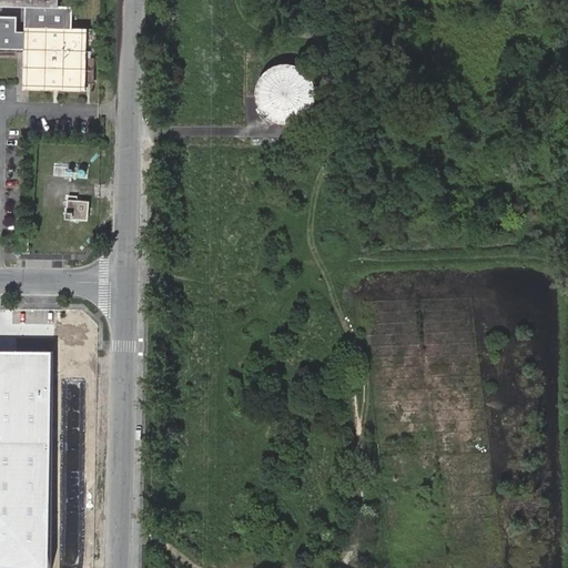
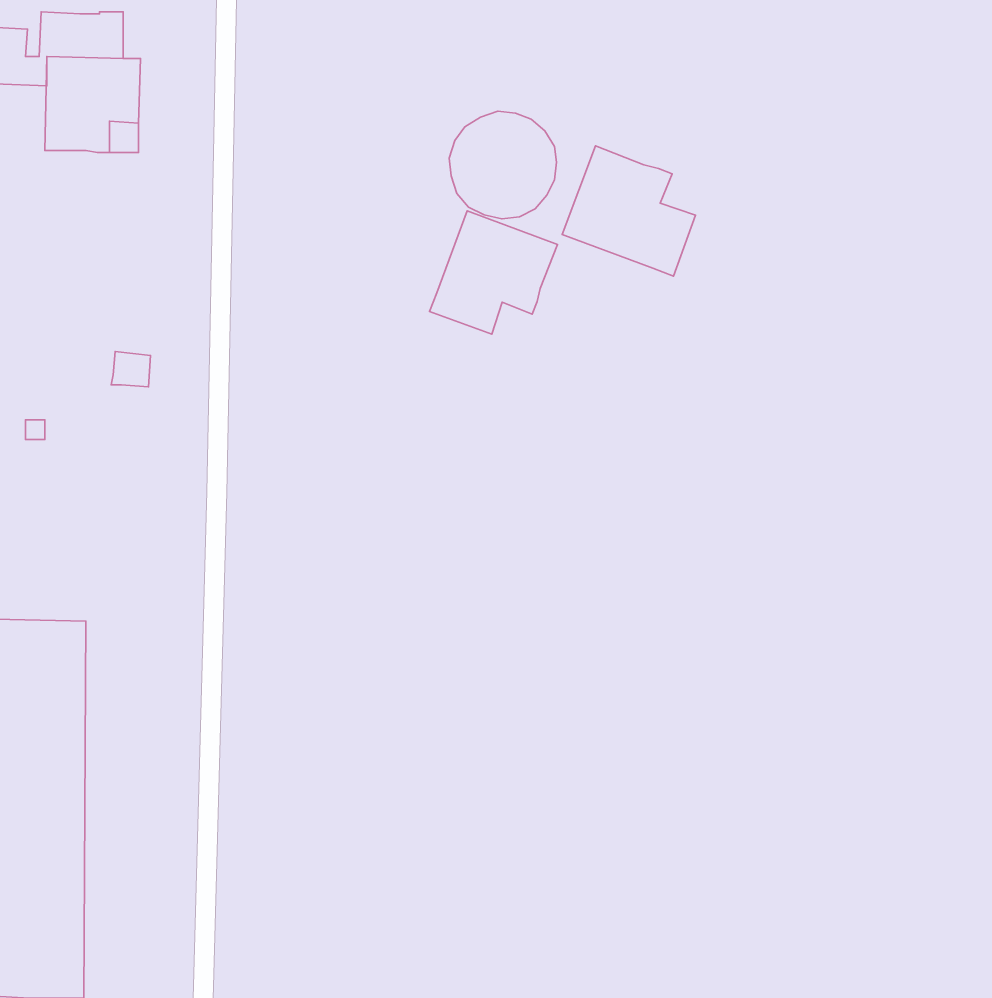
building: none -> [562,146,696,276]
building: none -> [429,211,557,334]

